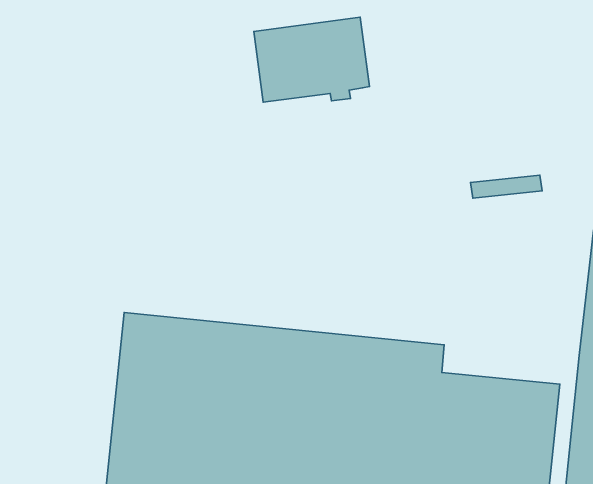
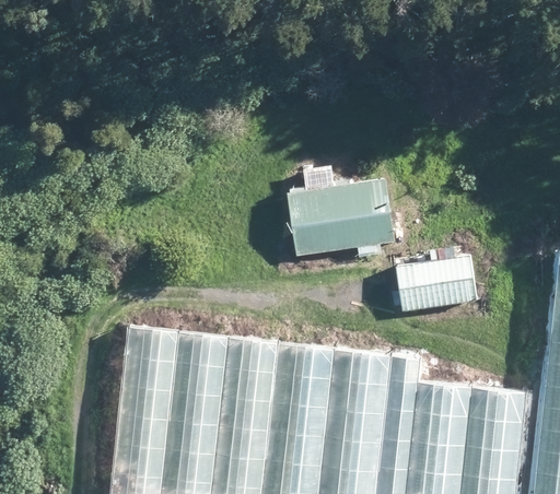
building: [254,17,370,102] -> [287,177,393,255]
building: none -> [395,247,475,310]

